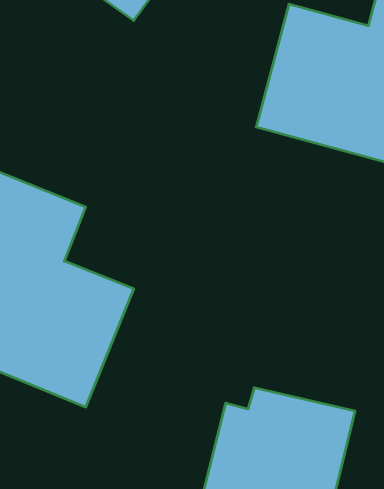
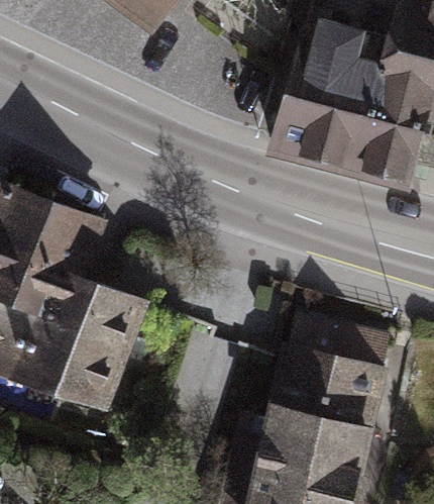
building: none -> [273,314,393,425]

